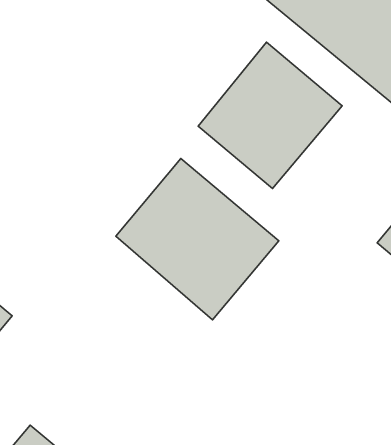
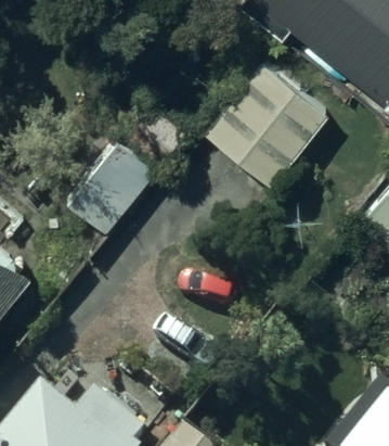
building: [116,158,279,320] -> none

